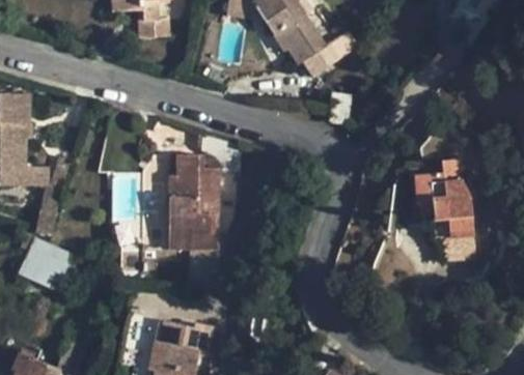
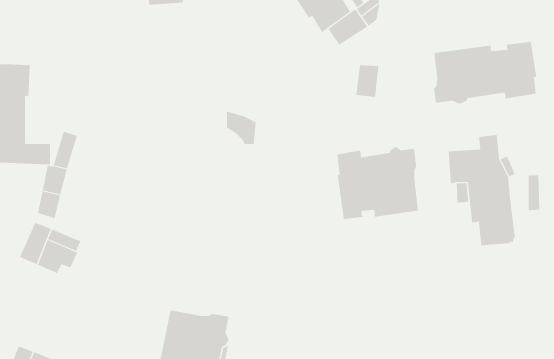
building: none -> [434,41,537,104]
building: [169,154,219,287] -> none
building: none -> [337,146,419,220]

